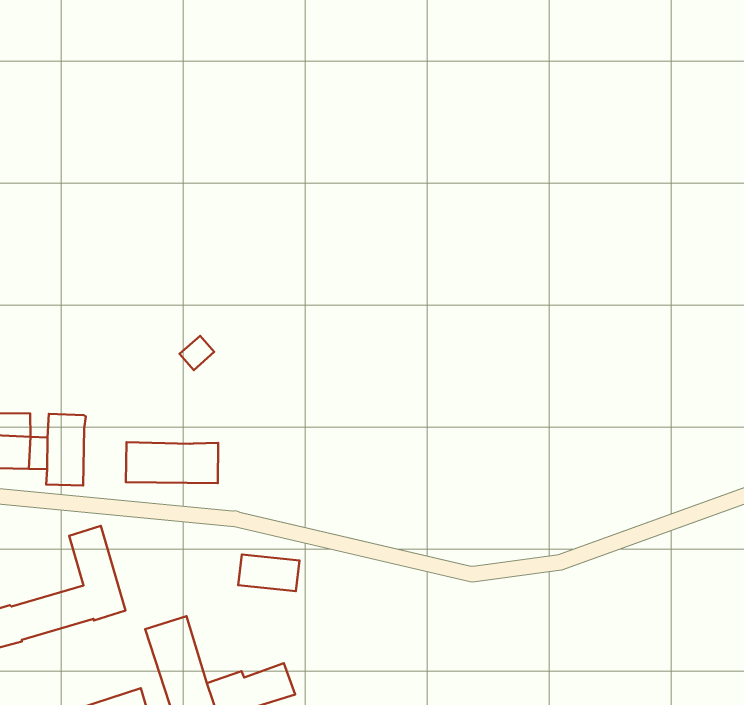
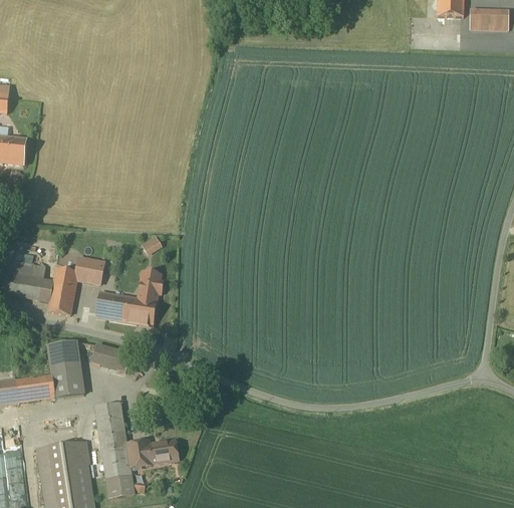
building: none -> [76,257,103,283]
building: none -> [139,271,163,300]
building: [238,554,300,591] -> [91,343,131,370]

